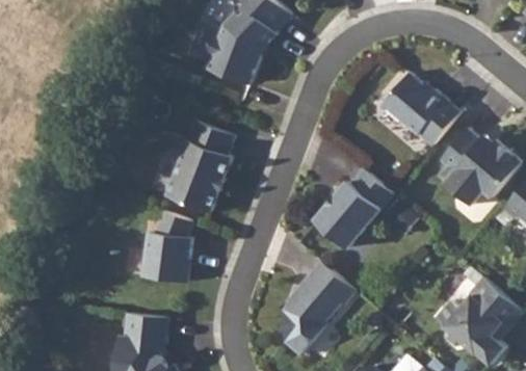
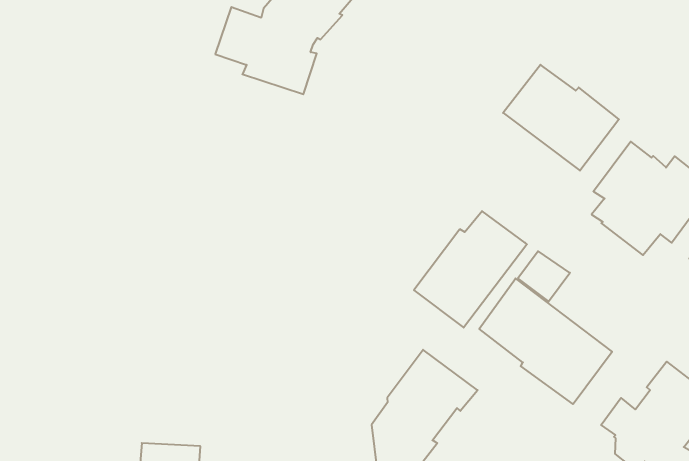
building: [161,122,234,212] -> none
building: [143,211,192,282] -> none
building: none -> [479,278,612,404]

